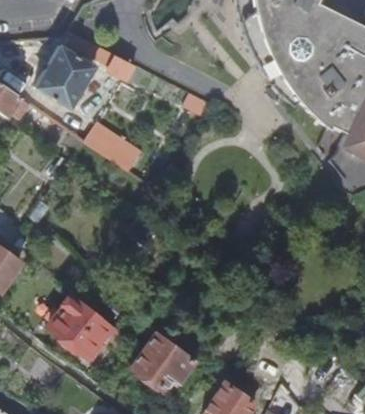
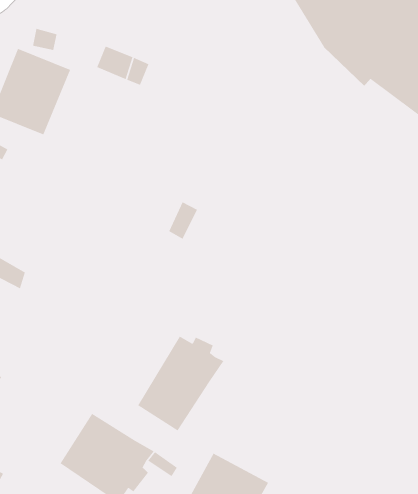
building: [83,120,145,174] -> none
building: none -> [137,336,225,431]

